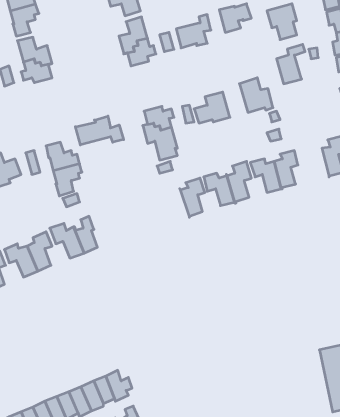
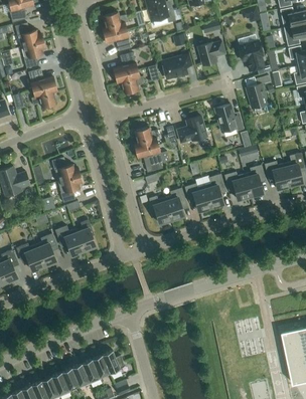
building: [75,116,124,145] -> none
building: none -> [264,161,290,189]
building: none -> [148,196,172,224]

